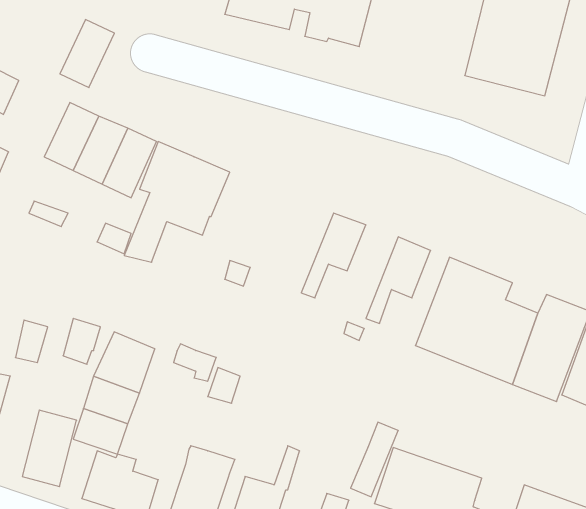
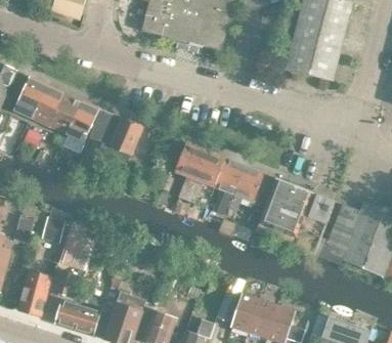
building: [60,20,114,88] -> [14,76,47,117]
building: none -> [175,142,206,199]
building: none -> [214,158,245,214]

